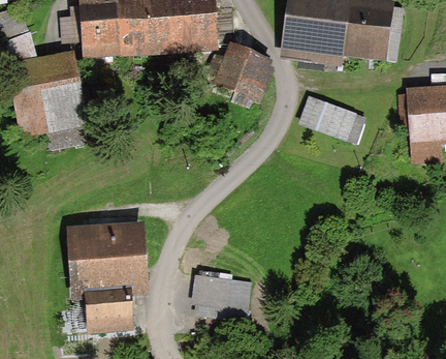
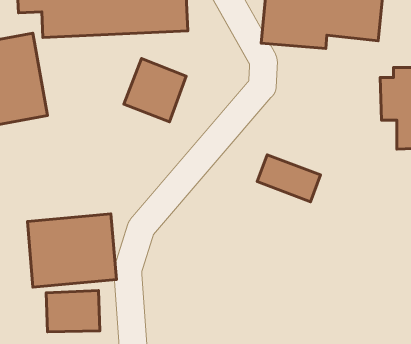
building: [212,42,269,101] -> [124,58,186,122]
building: [297,95,356,139] -> [257,155,321,202]
building: [190,267,253,317] -> none

